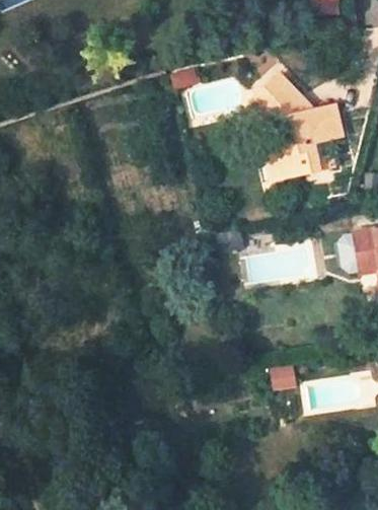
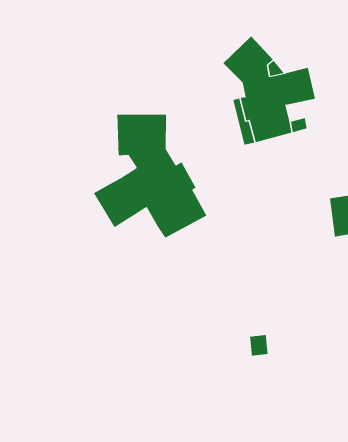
building: none -> [93,114,207,239]

